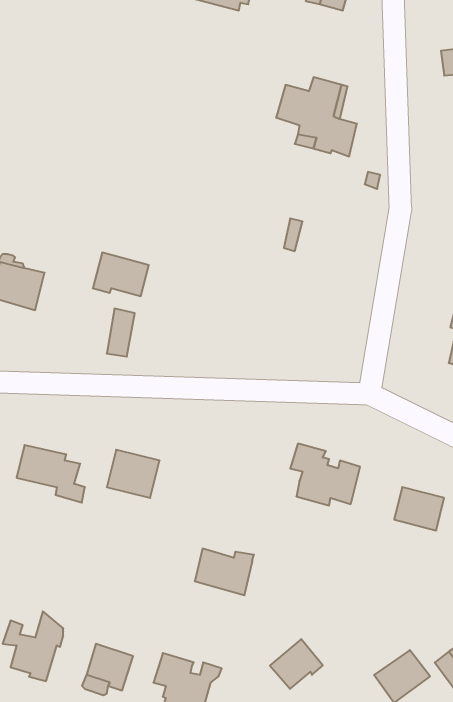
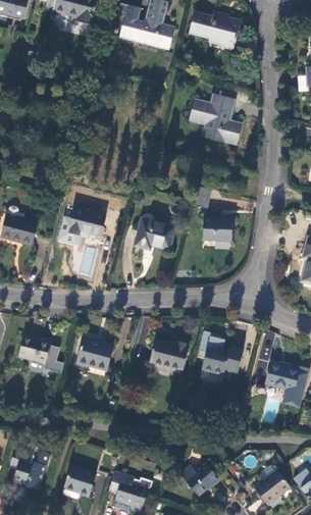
building: none -> [203,218,232,243]
building: none -> [135,219,175,251]
building: [195,549,254,595] -> [150,340,189,370]

